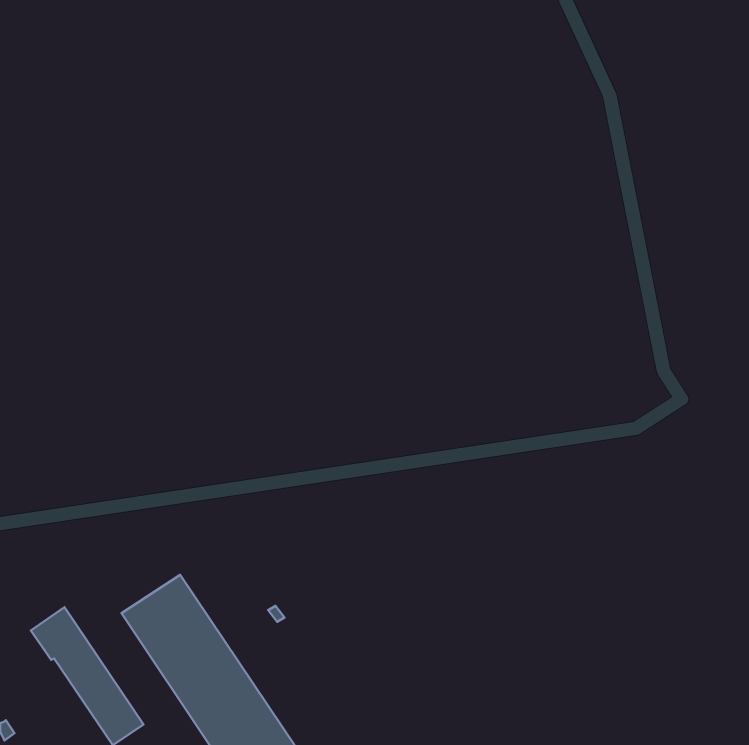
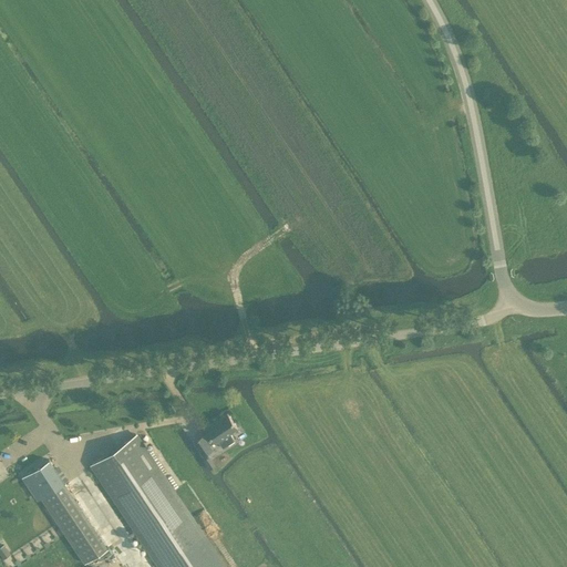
building: none -> [194,416,237,458]

